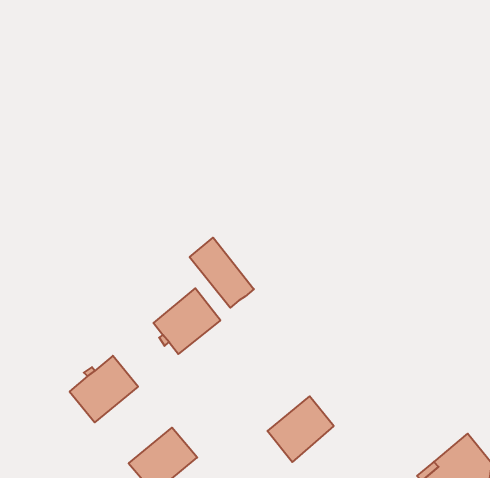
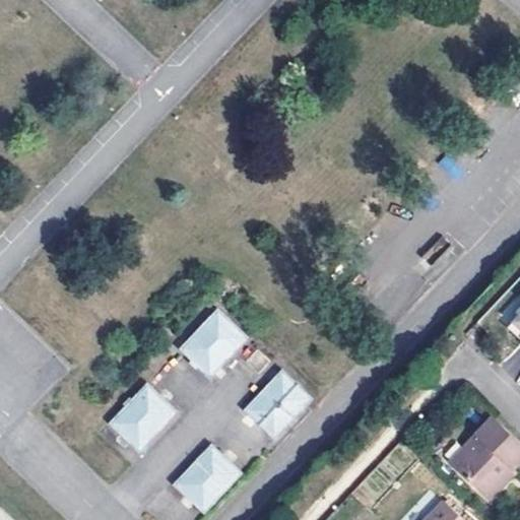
building: [190,238,254,308] -> none
building: [267,396,334,462] -> [246,372,308,436]

